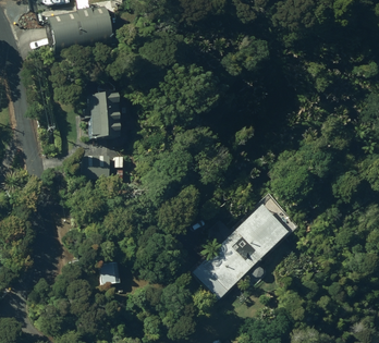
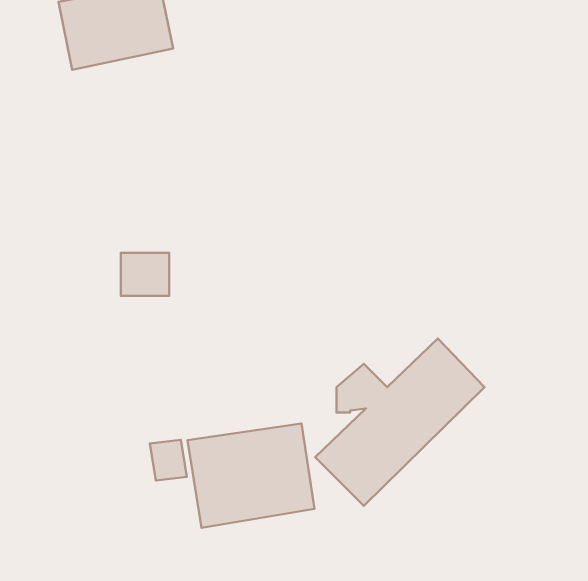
building: [90,84,120,140] -> none
building: none -> [188,424,315,528]

